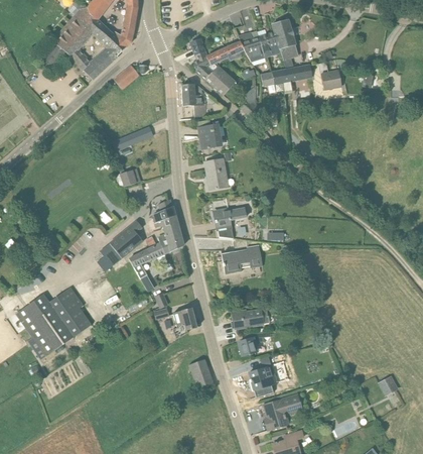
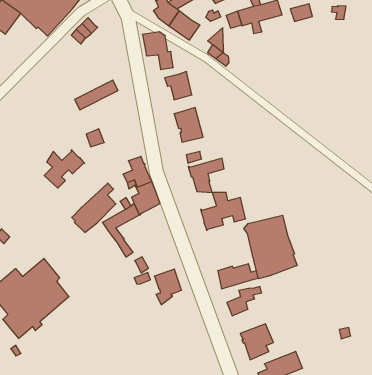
building: none -> [44,150,85,188]
building: none -> [244,215,297,279]
building: [188,358,214,388] -> none

